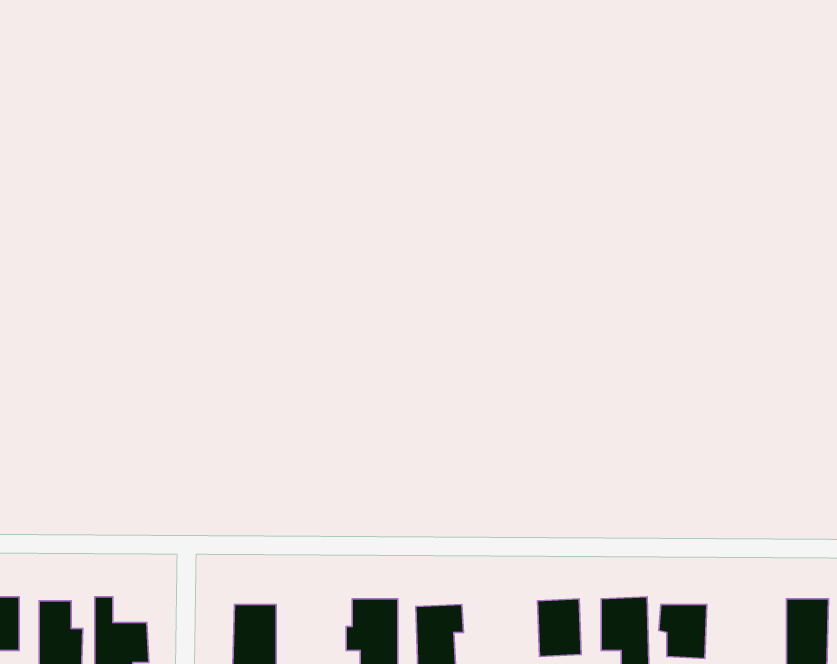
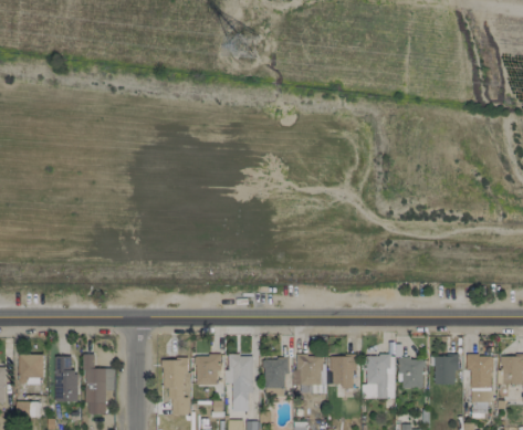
building: none -> [195,354,219,385]
building: none -> [294,354,322,385]
building: none -> [435,355,457,384]

